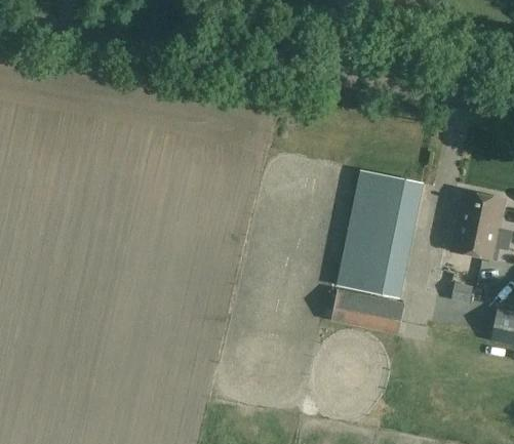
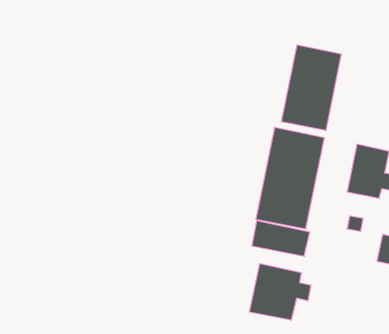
building: none -> [281,45,341,131]
building: none -> [249,264,311,320]

